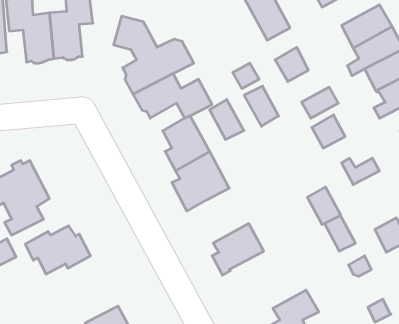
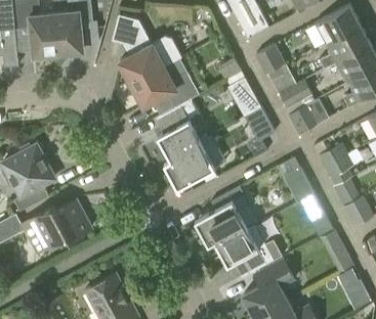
building: [210,99,244,140] -> [243,105,274,141]
building: none -> [325,154,354,187]
building: none -> [214,225,283,279]

